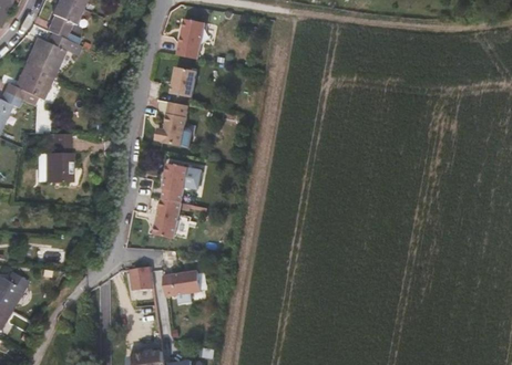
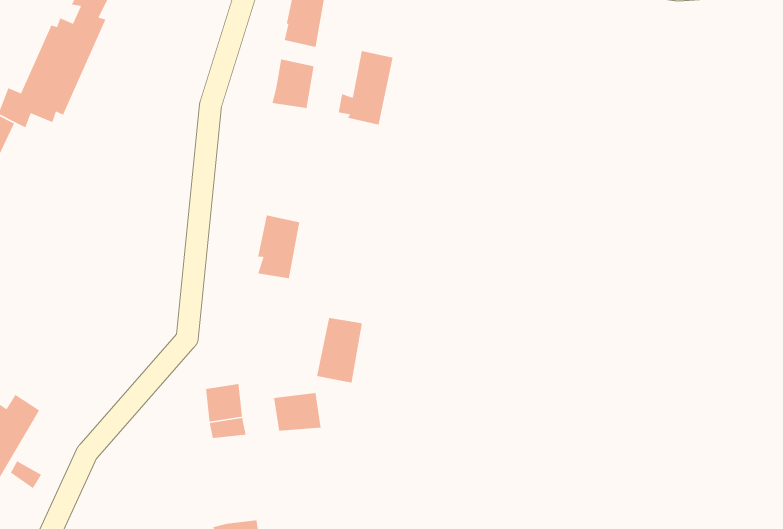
building: [154,101,188,147] -> [338,50,394,125]
building: [44,134,71,181] -> none
building: [153,197,182,239] -> [316,315,363,384]

